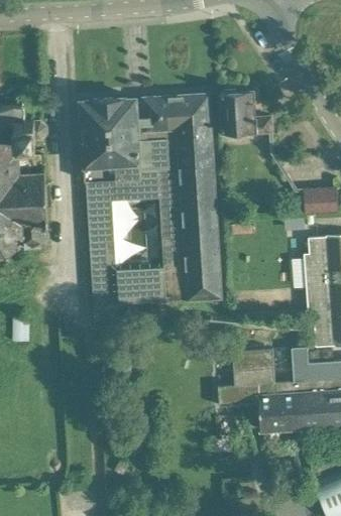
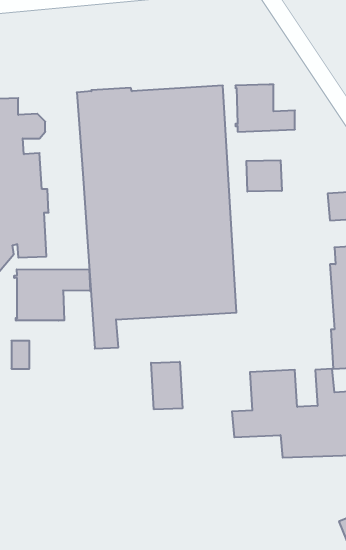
building: none -> [246,160,282,192]
building: none -> [14,269,90,321]
building: none -> [151,362,182,409]

